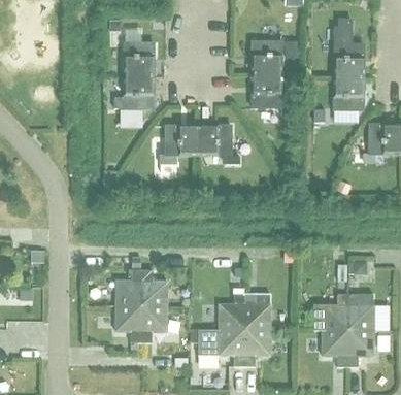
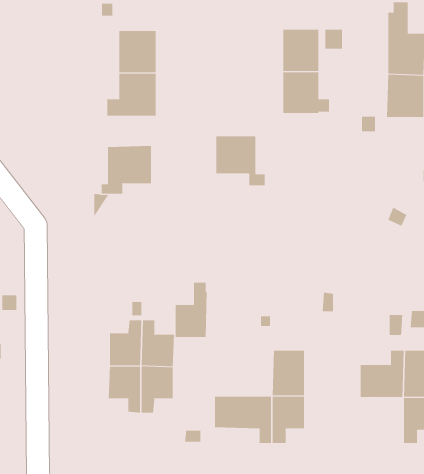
building: [159,125,199,163] -> [101,146,152,194]
building: [219,286,244,329] -> [175,282,208,337]
building: [321,330,346,366] -> none

